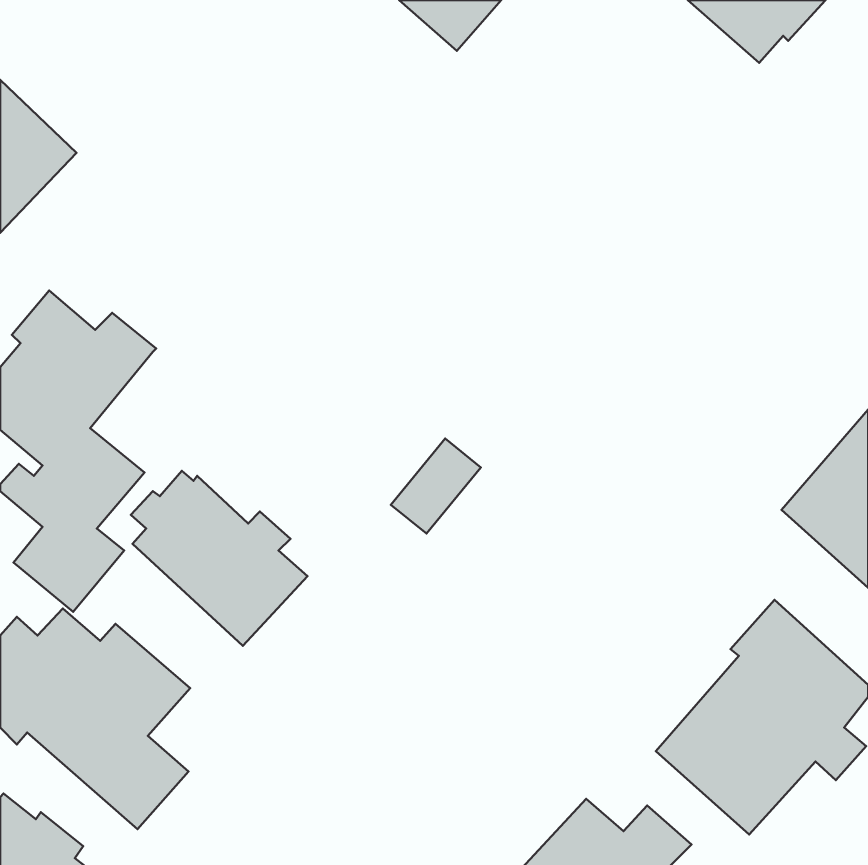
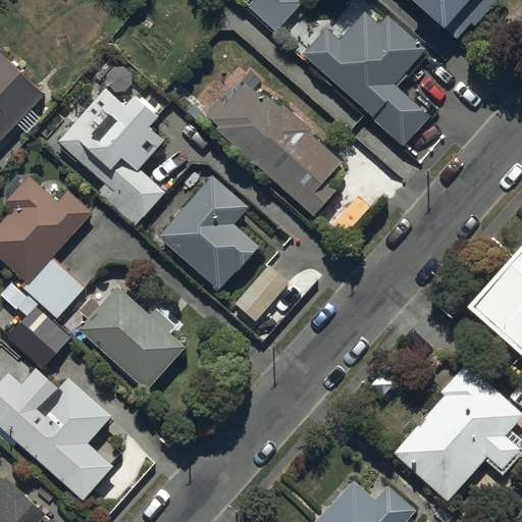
building: none -> [304,11,429,148]
building: none -> [205,82,341,216]
building: none -> [57,89,164,228]
building: none -> [157,174,260,290]

